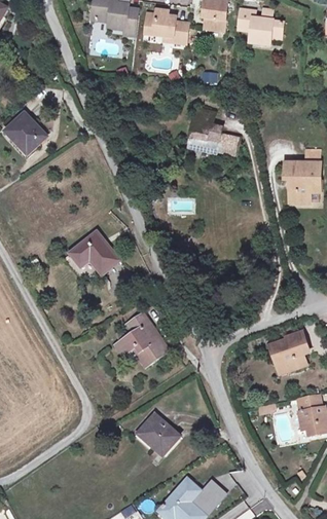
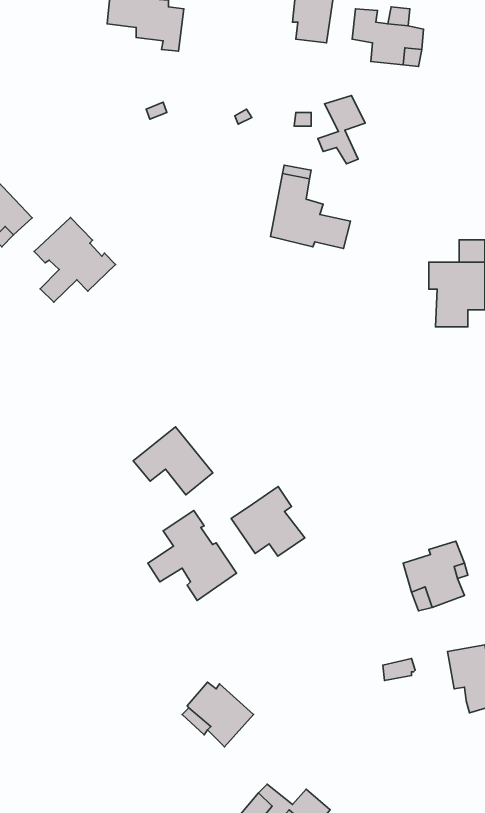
building: [145,9,187,42] -> none
building: none -> [318,96,365,164]
building: none -> [34,218,115,302]
building: [70,232,118,273] -> [133,427,213,495]
building: none -> [231,487,305,556]

